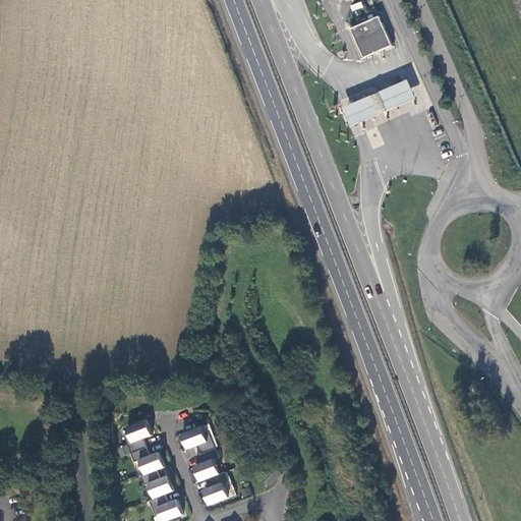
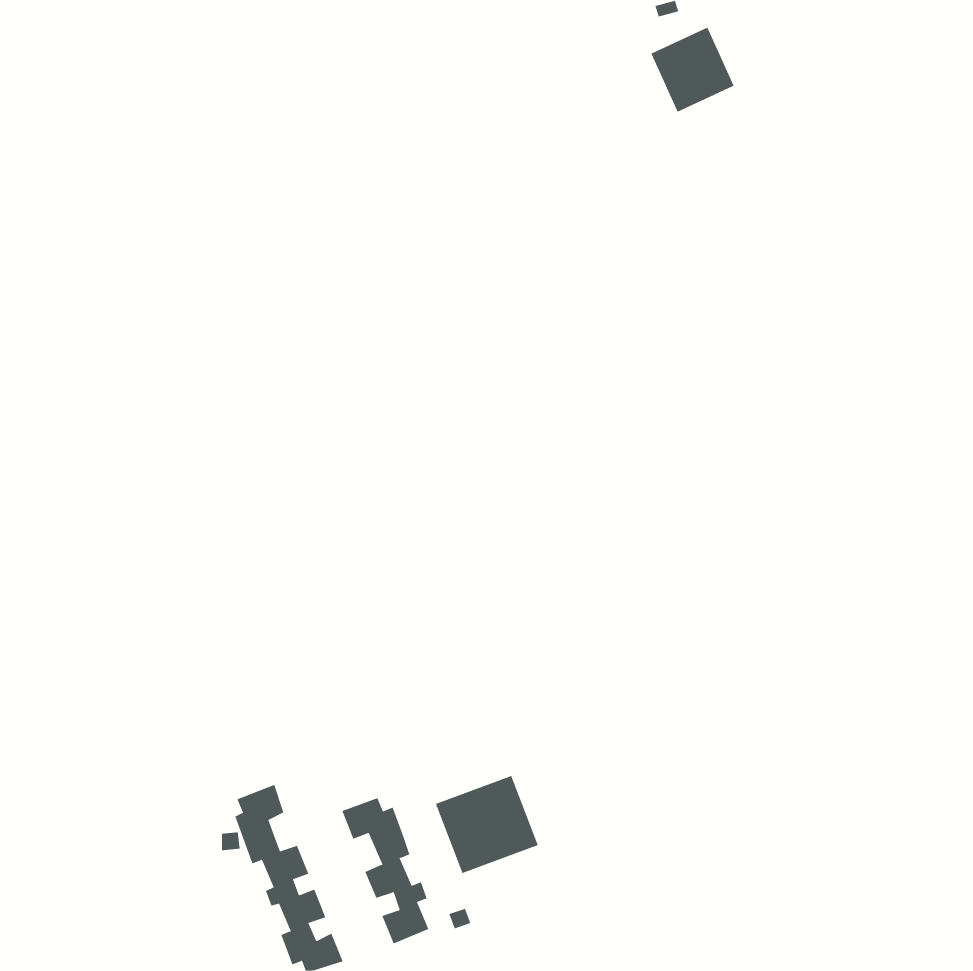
building: [341,79,413,124] -> none
building: none -> [435,775,539,874]

